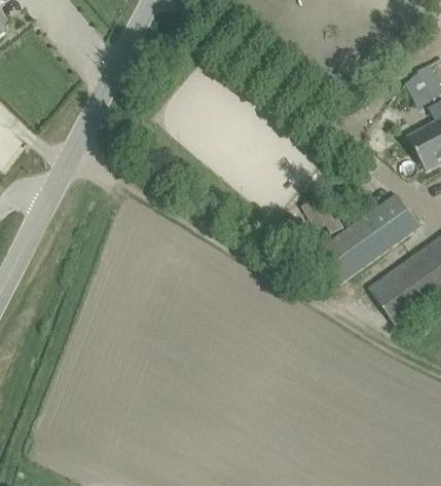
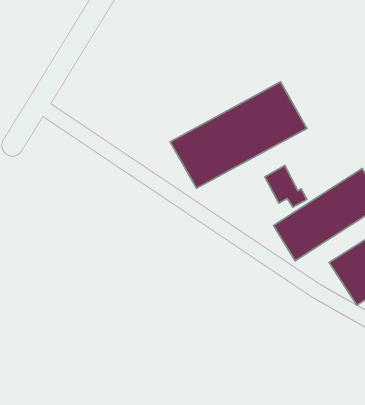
building: none -> [170,82,307,188]

